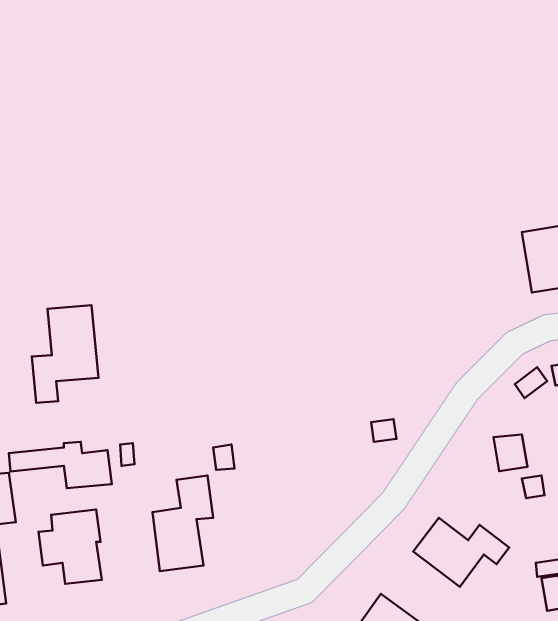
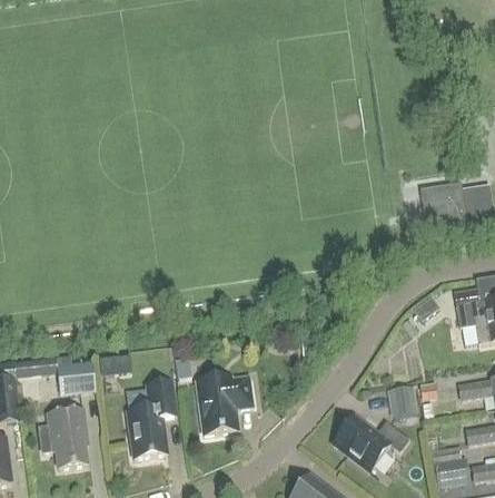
building: [32,305,98,403] -> none
building: [494,434,527,471] -> [389,385,416,414]
building: none -> [195,374,253,433]

